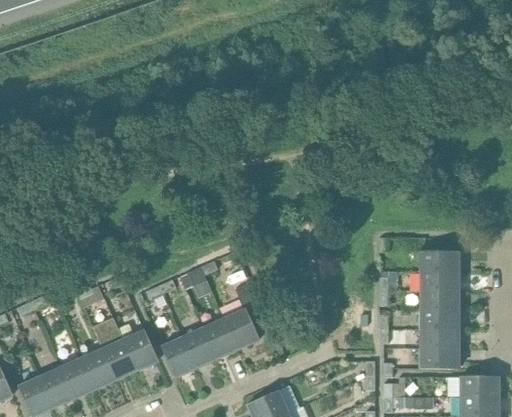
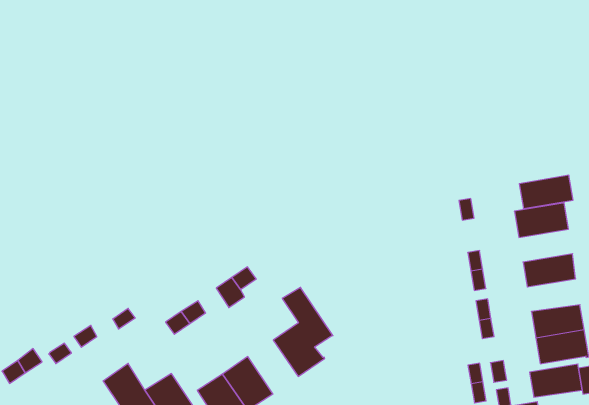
building: [420,272,458,291] -> [519,175,573,208]
building: [420,310,457,330] -> [530,364,582,397]
building: [203,318,238,358] -> none

